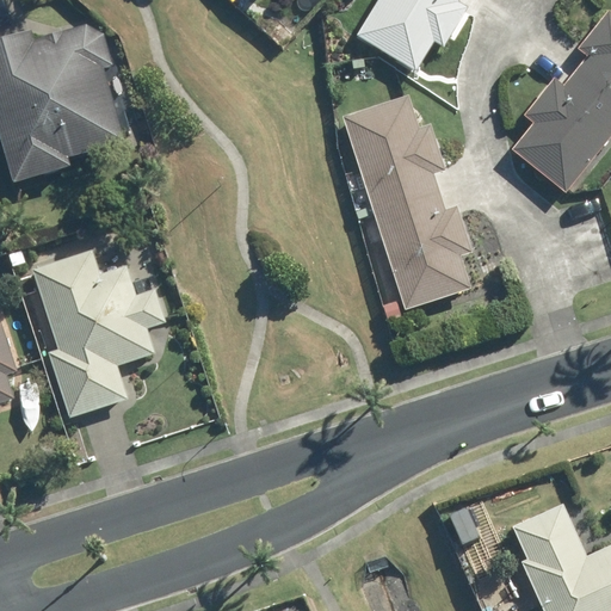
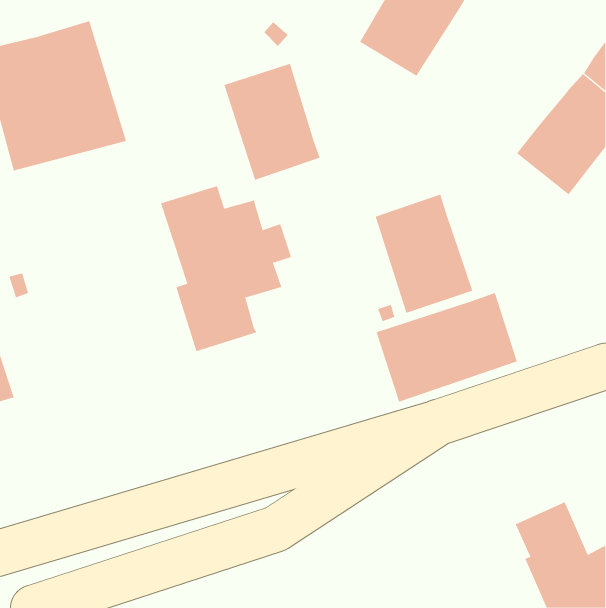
building: [342,99,439,216] -> [223,63,320,181]
building: [32,249,163,415] -> [160,185,292,352]
building: none -> [376,292,518,403]

